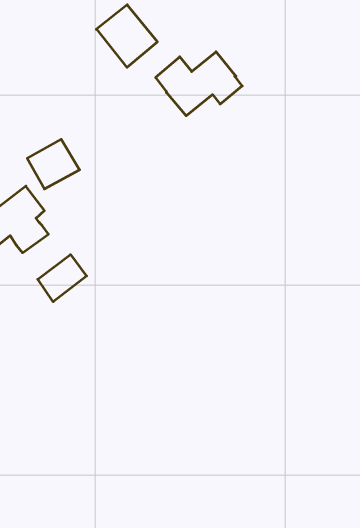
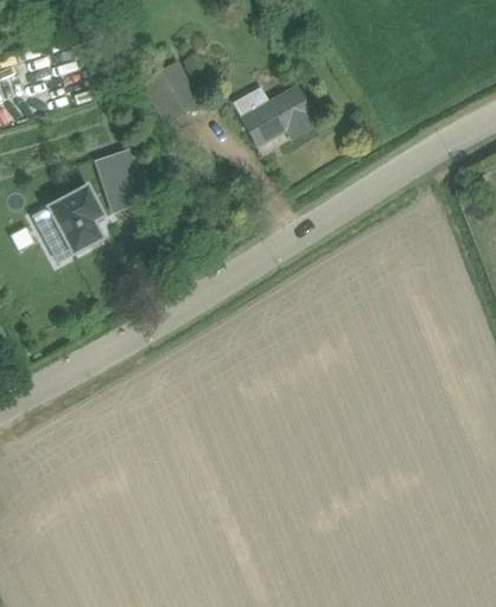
building: [96,5,157,67] -> [141,62,199,123]
building: [38,255,87,302] -> none

